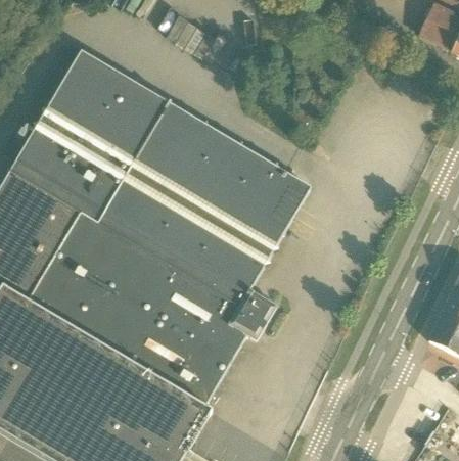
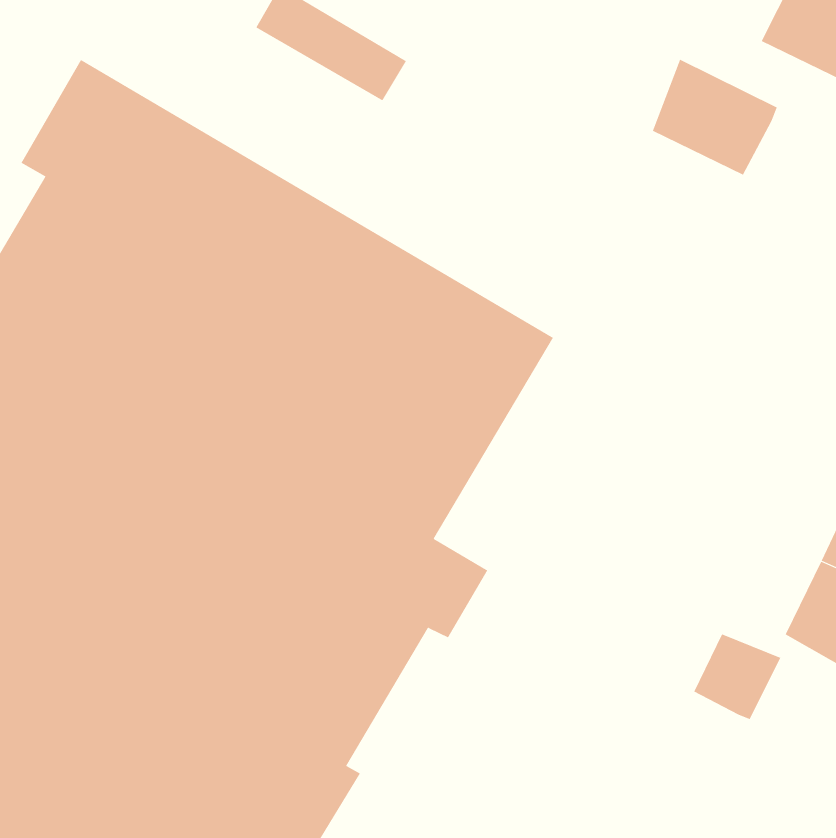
building: none -> [652,59,778,175]
building: none -> [693,633,781,720]

